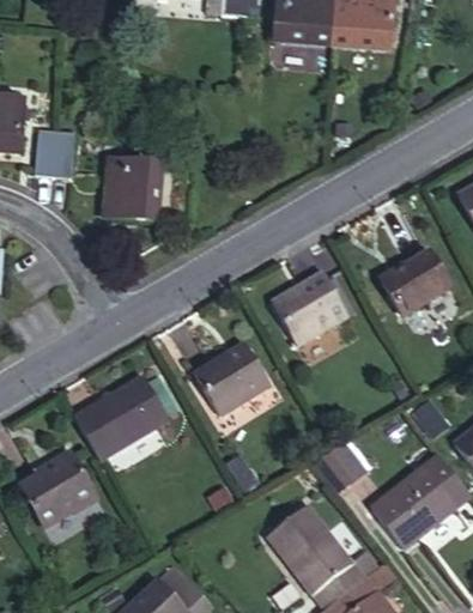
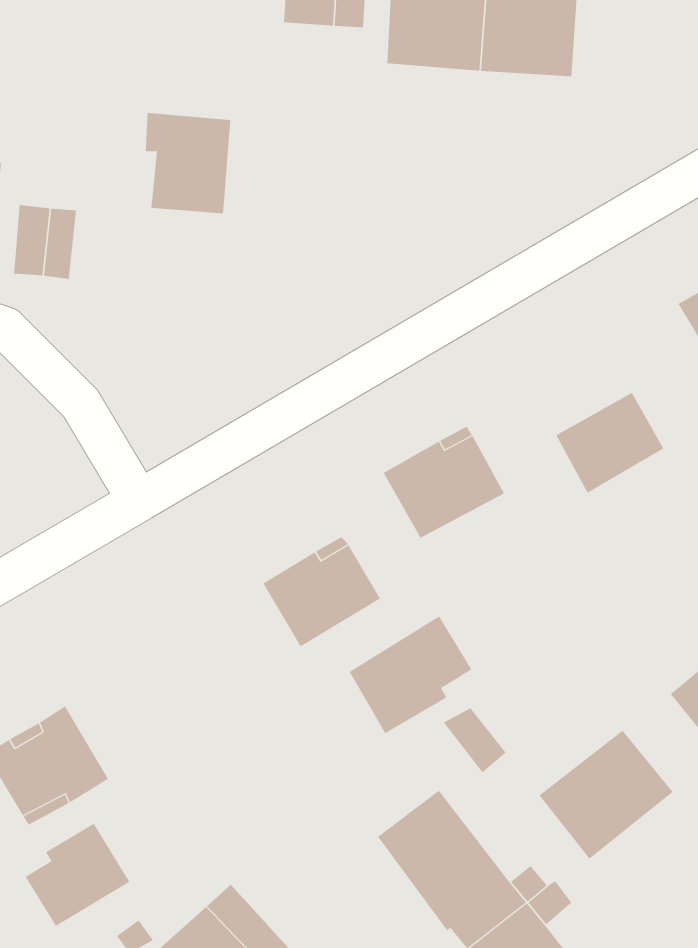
building: [109,157,164,221] -> [145,112,231,214]
building: [74,376,169,460] -> none
building: none -> [349,616,472,734]
building: none -> [25,823,130,927]

